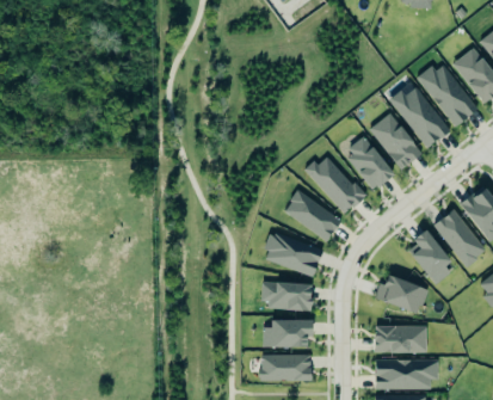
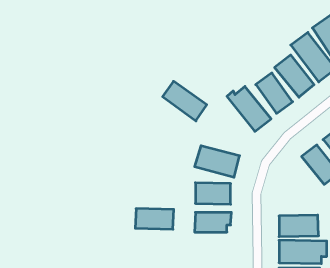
building: [283,189,341,241] -> [163,81,207,121]
building: [376,276,427,313] -> none
building: [260,353,312,381] -> [135,209,174,229]

